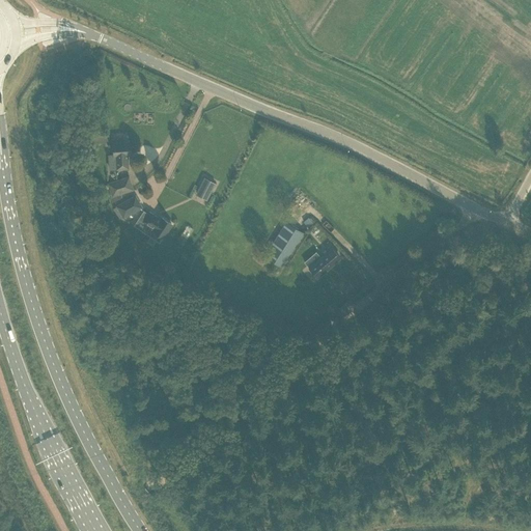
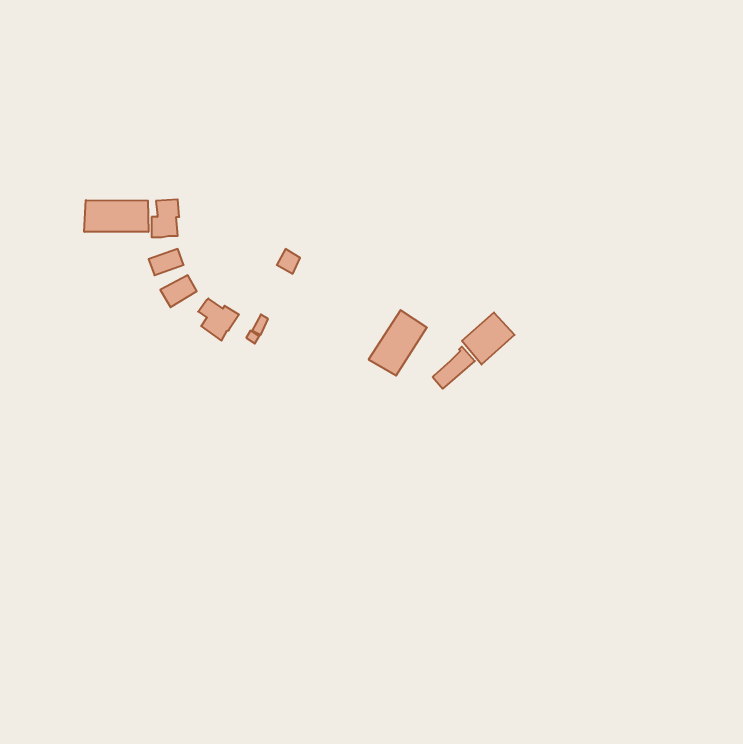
building: none -> [84,200,148,232]
building: none -> [462,312,515,365]

